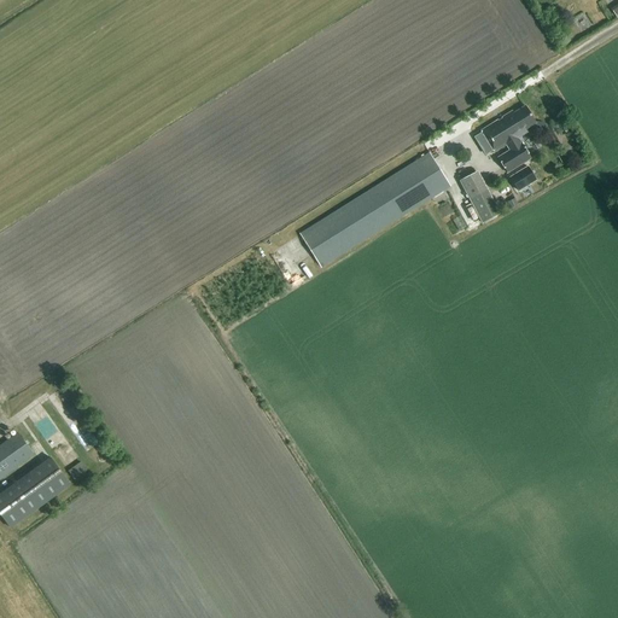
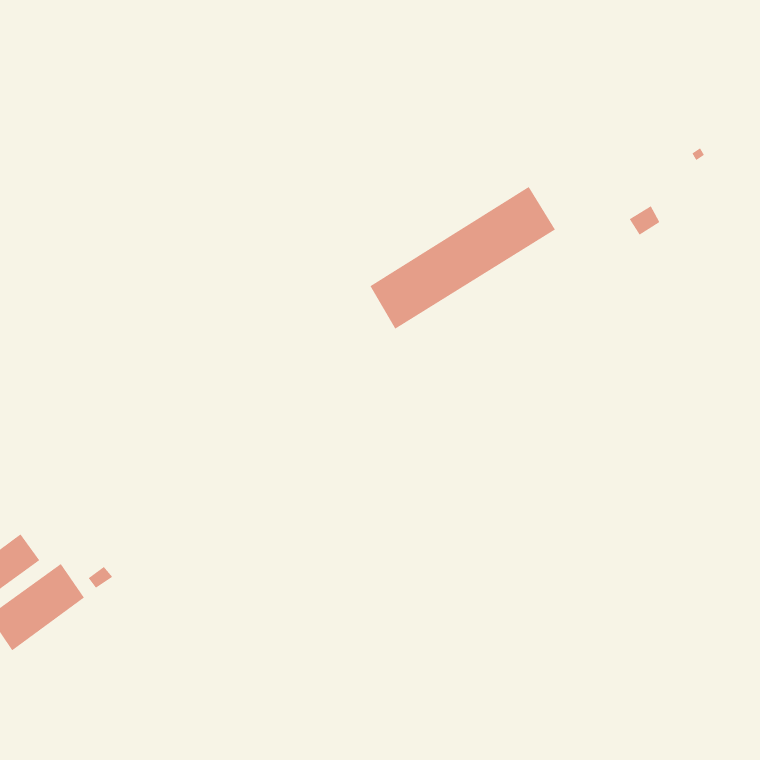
building: [482,105,535,171] -> none
building: [459,170,499,222] -> none

